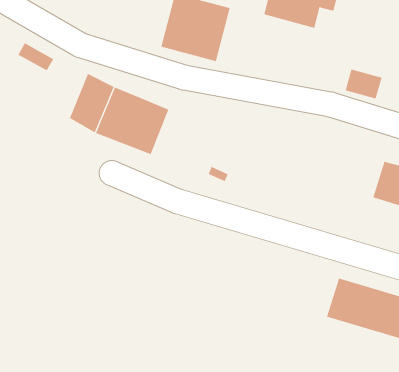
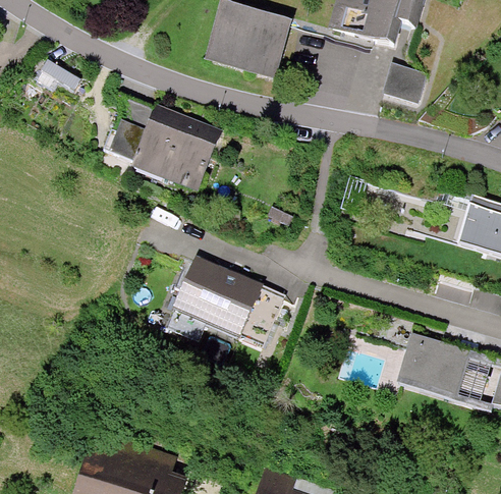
building: [345,69,382,99] -> [385,63,429,99]
building: none -> [174,259,285,346]

